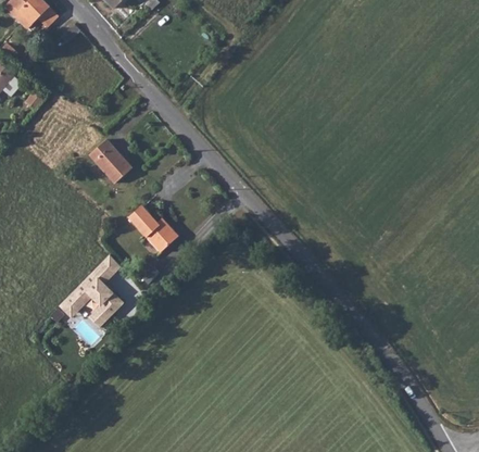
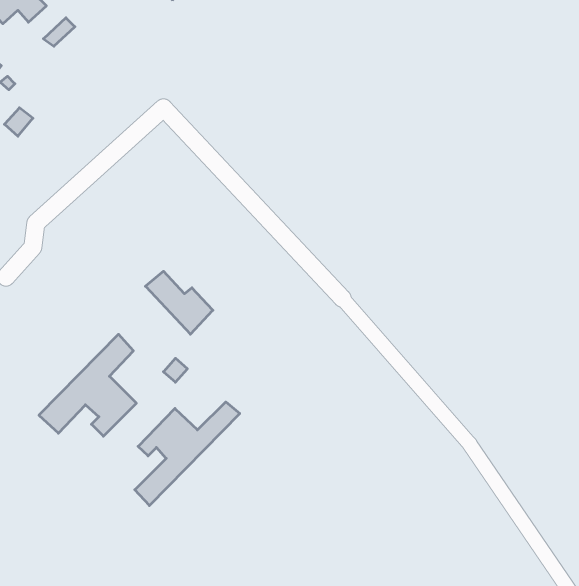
building: [88,139,130,184] -> none
building: none -> [135,402,240,506]

